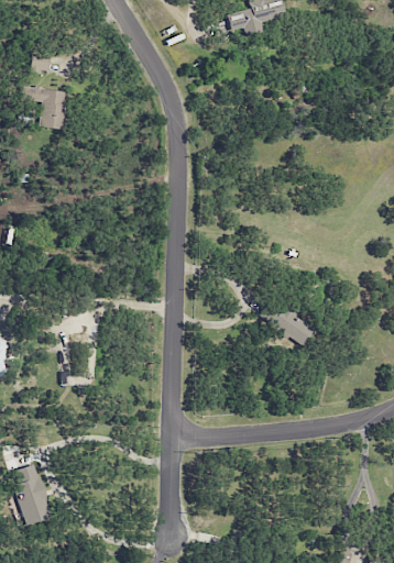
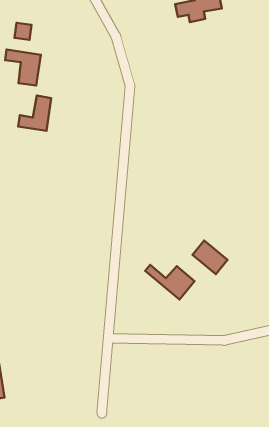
building: none -> [18,95,51,131]
building: none -> [145,265,194,300]

